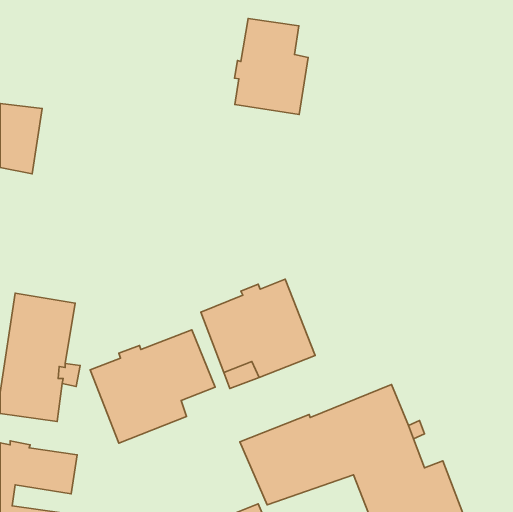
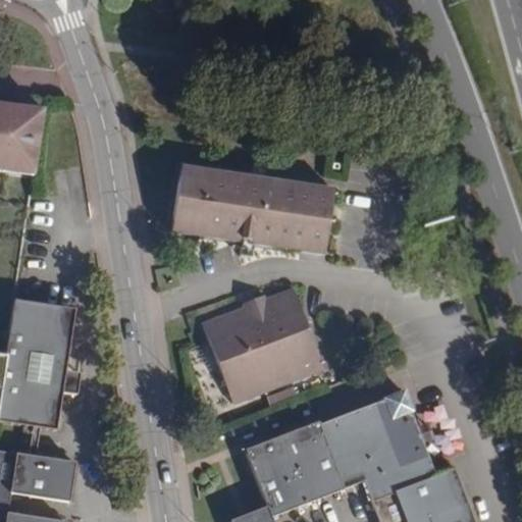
building: [235,19,308,115] -> none
building: none -> [171,164,330,249]
building: [90,330,215,443] -> none

